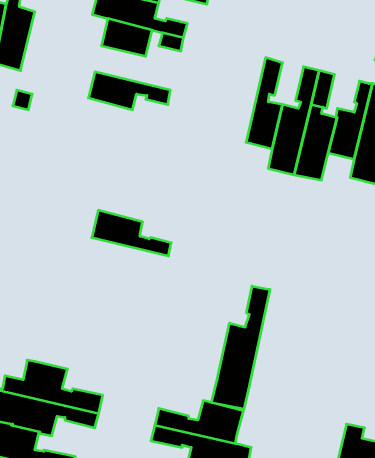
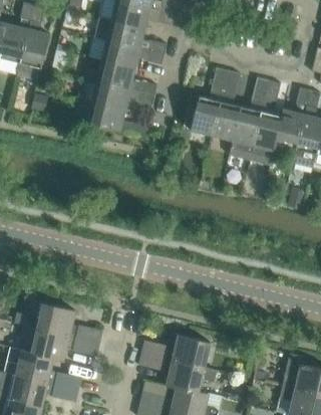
building: none -> [84,60,157,94]
building: none -> [192,67,228,135]
building: [92,210,171,256] -> [86,100,147,136]
building: [212,286,270,409] -> none

